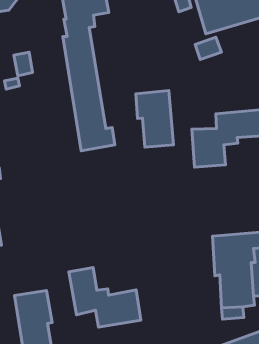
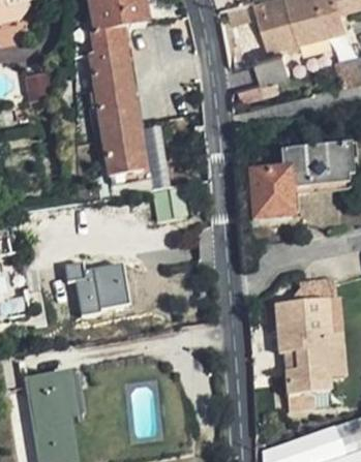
building: [136,90,174,147] -> none
building: none -> [69,255,131,311]
building: [69,268,141,327] -> none

